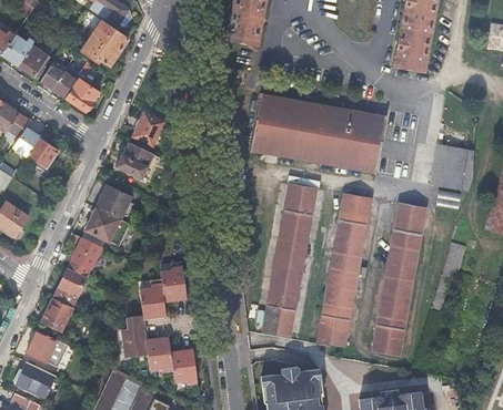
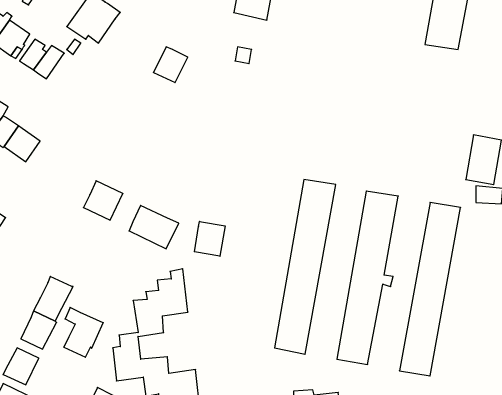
building: [67,79,100,112] -> none
building: [250,94,385,172] -> none
building: [134,114,164,145] -> [153,47,188,83]
building: [117,143,154,180] -> none
building: [87,208,130,246] -> [129,205,179,249]
building: none -> [194,221,225,256]
building: [68,234,102,277] -> [64,307,103,357]

